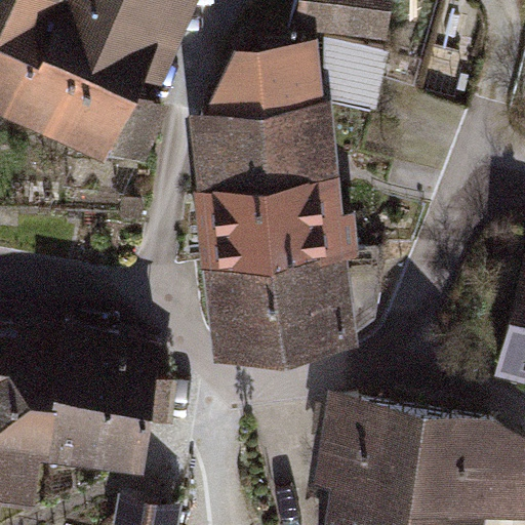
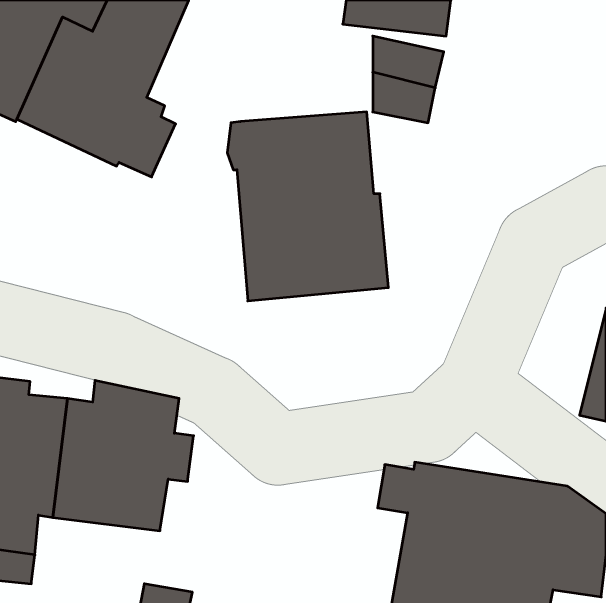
building: [205,49,313,114] -> none
building: [211,251,377,354] -> none

